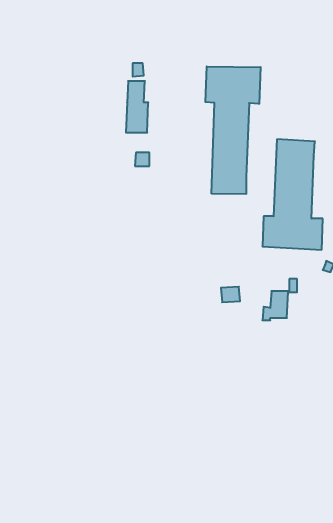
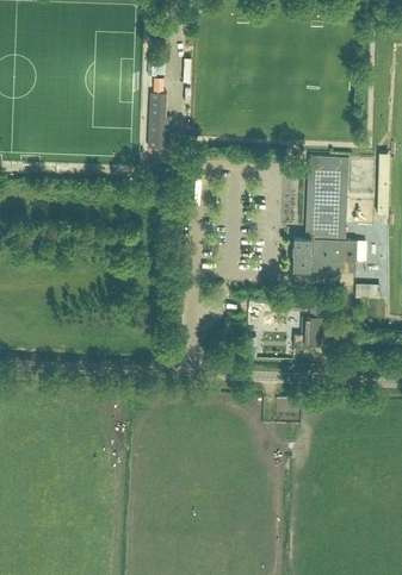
building: [205,66,261,194] -> none

